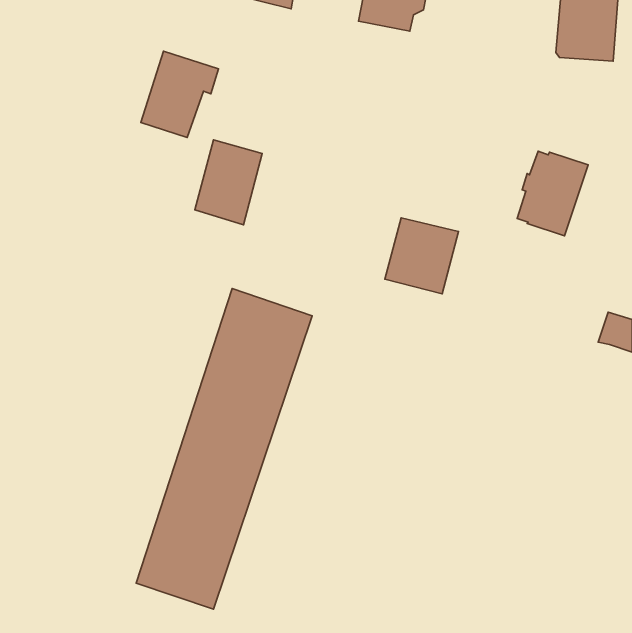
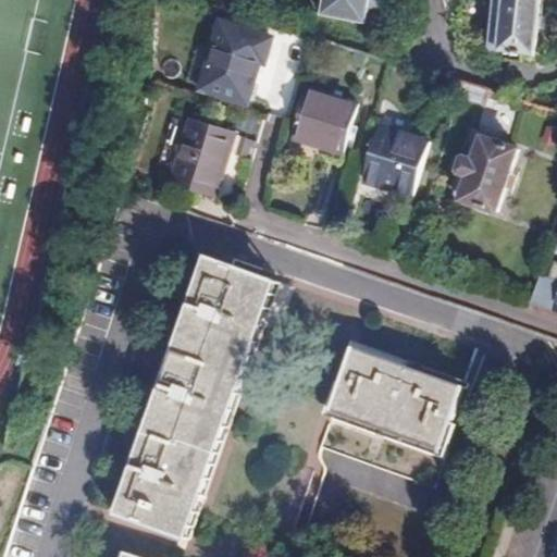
building: [141,51,218,137] -> [202,24,270,99]
building: none -> [292,89,355,152]
building: [385,218,459,294] -> [360,124,424,190]
building: none -> [319,343,457,474]

